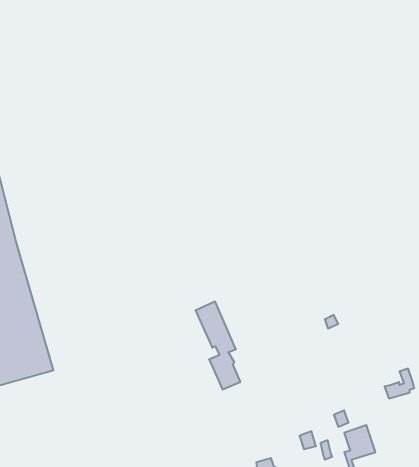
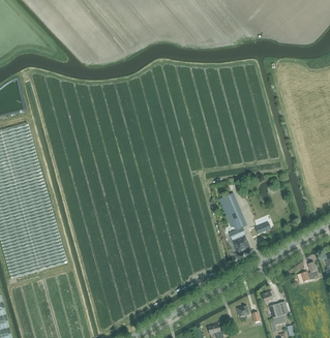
building: [196,301,240,389] -> [219,192,250,253]

